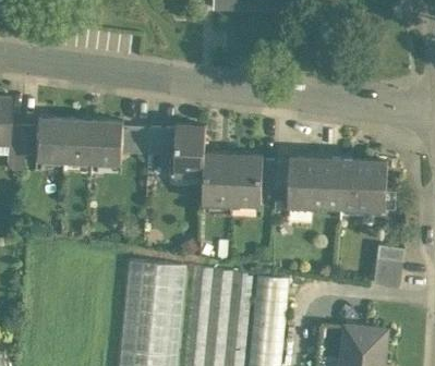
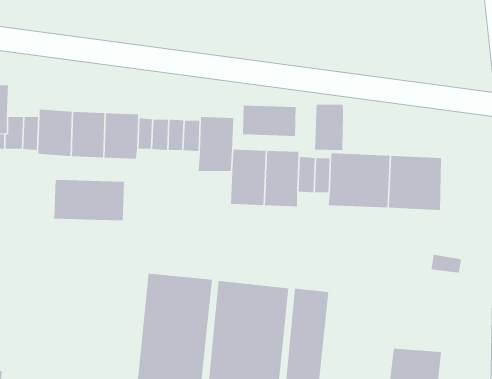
building: none -> [314,103,344,152]
building: none -> [242,105,296,137]
building: none -> [54,179,125,221]
building: [373,258,401,288] -> none

